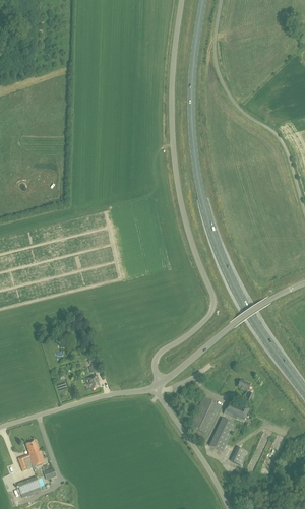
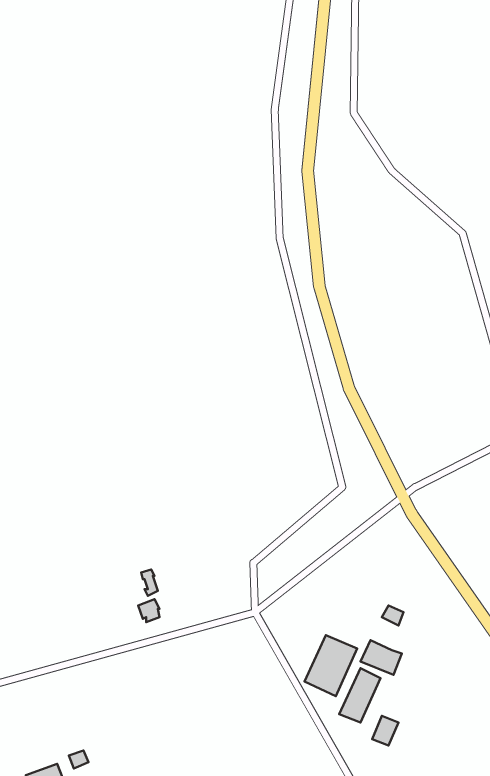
building: [17,440,44,469] -> none

